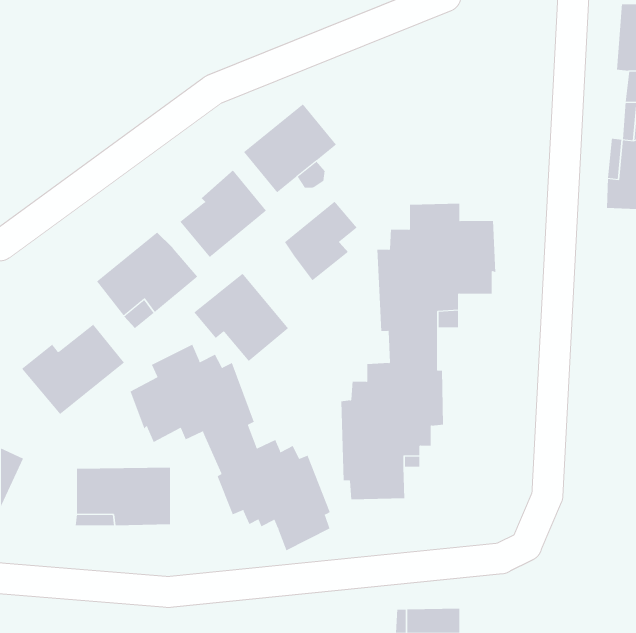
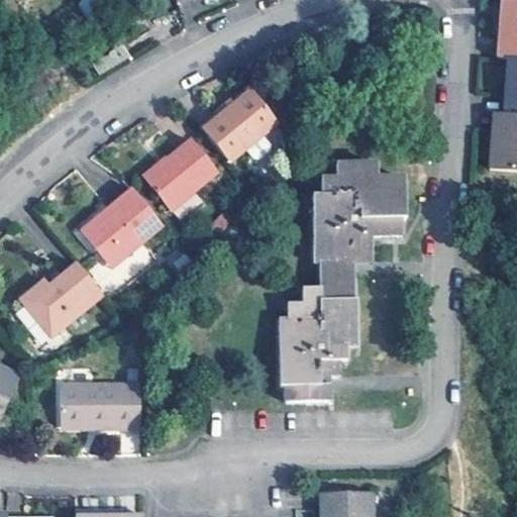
building: [284,201,357,281] -> none
building: [194,273,289,362] -> none
building: [130,344,330,551] -> none

